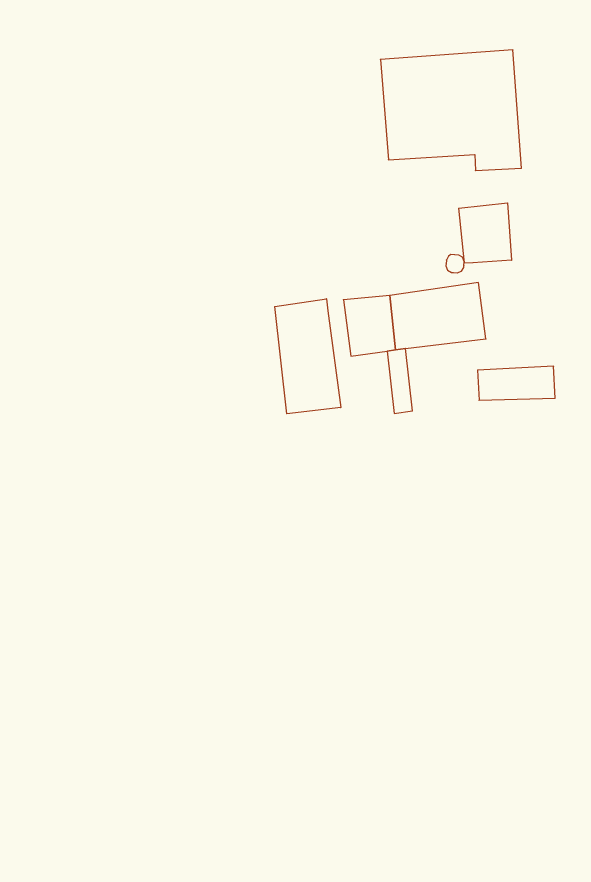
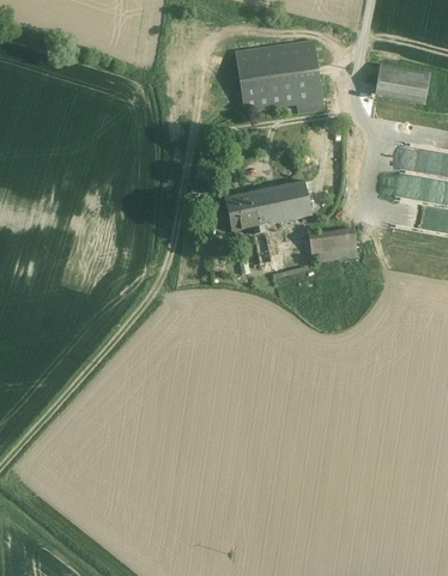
building: [459,203,512,263] -> none
building: [275,299,341,414] -> none

